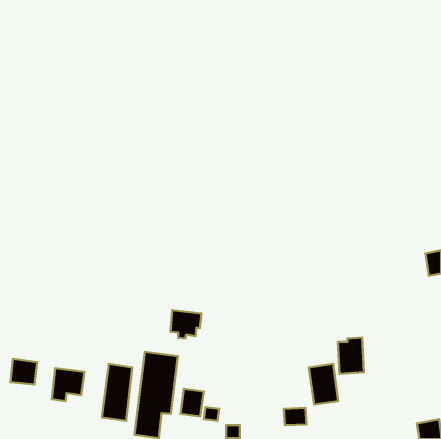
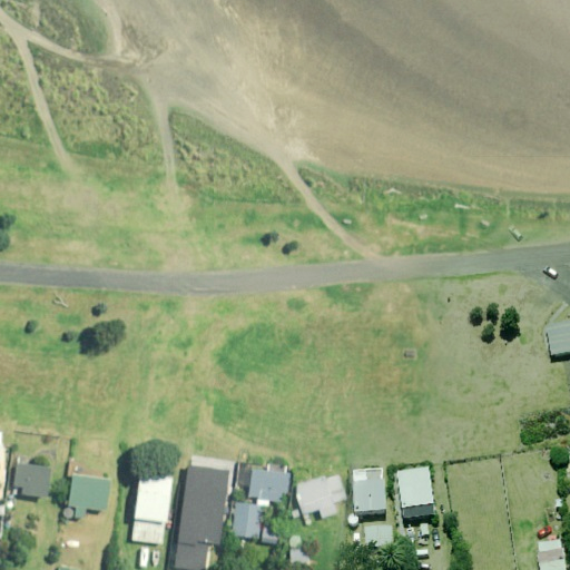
building: [171,310,202,339] -> [249,468,289,504]
building: [338,338,364,374] -> [353,469,386,515]
building: none -> [296,476,344,517]

